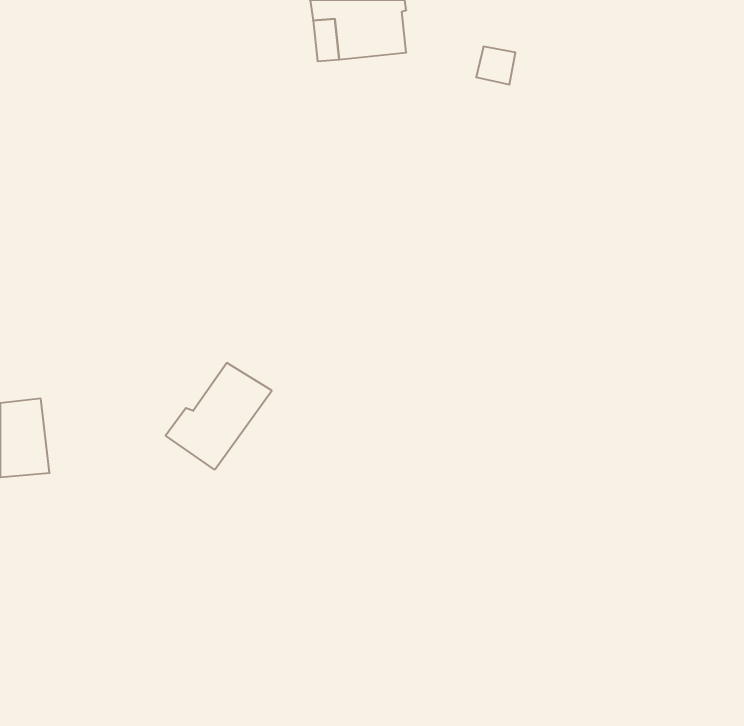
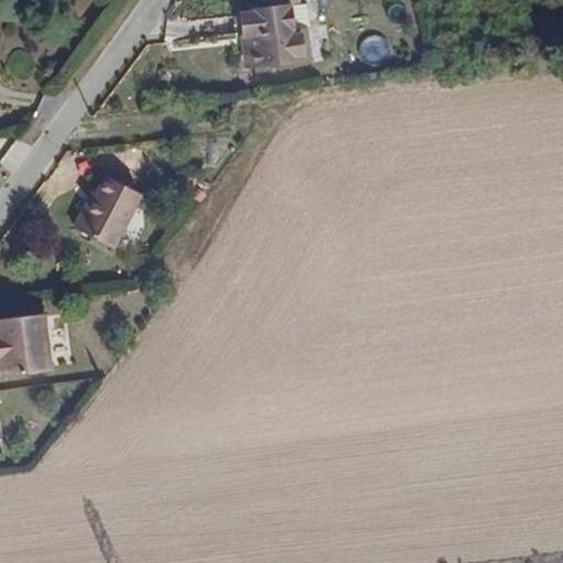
building: [166,363,272,469] -> [74,168,154,249]

